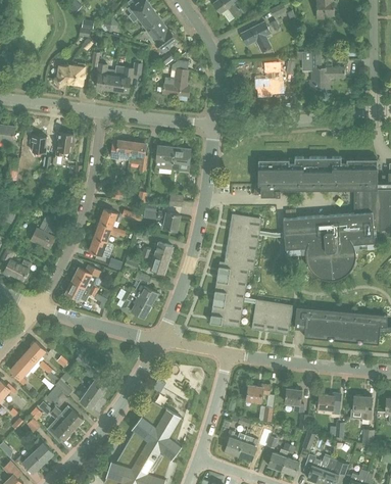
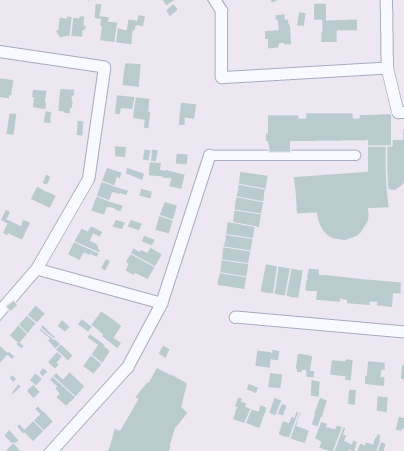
building: [161,68,189,100] -> none
building: [154,146,174,170] -> [121,63,142,87]
building: none -> [91,310,122,349]

